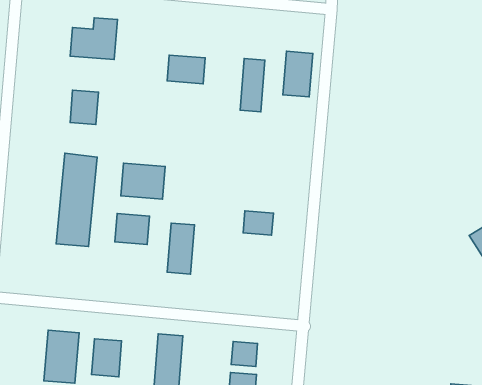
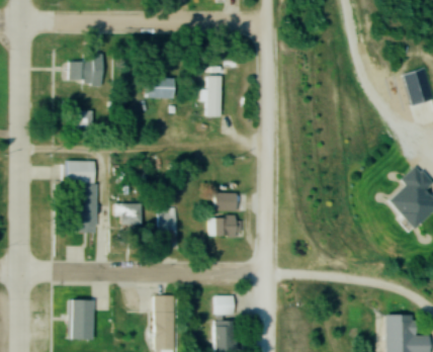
building: [283,51,313,97] -> none
building: [121,163,165,199] -> none
building: none -> [209,217,240,236]
building: [92,339,122,377] -> none

